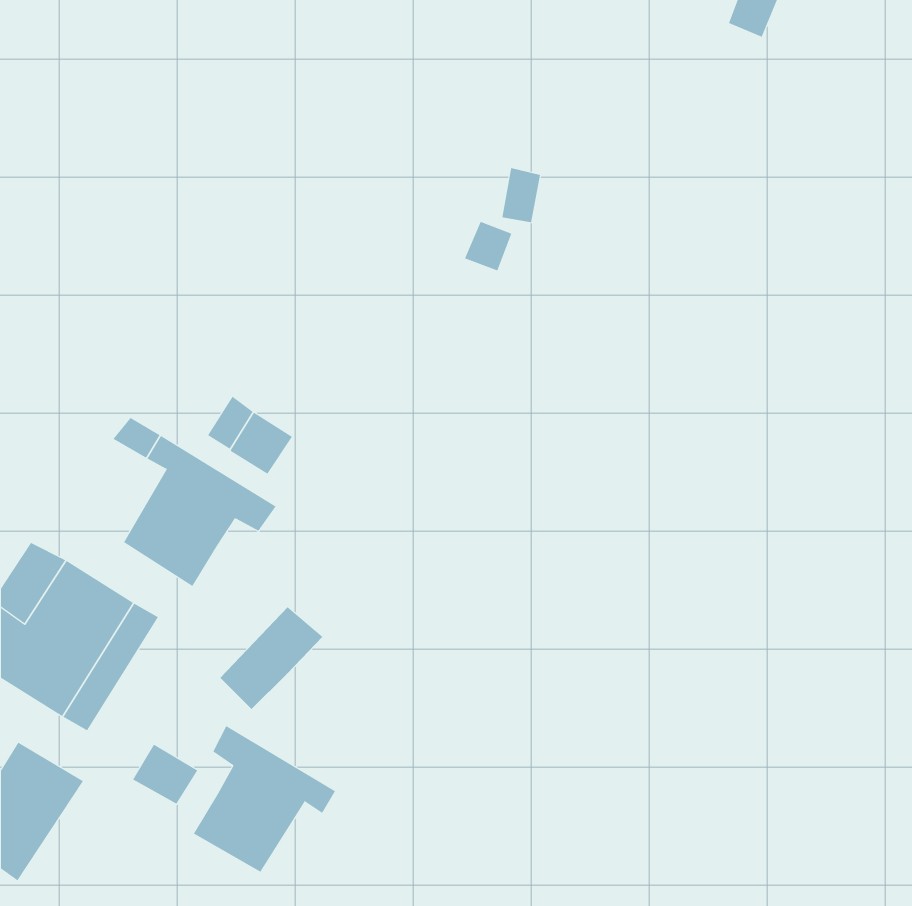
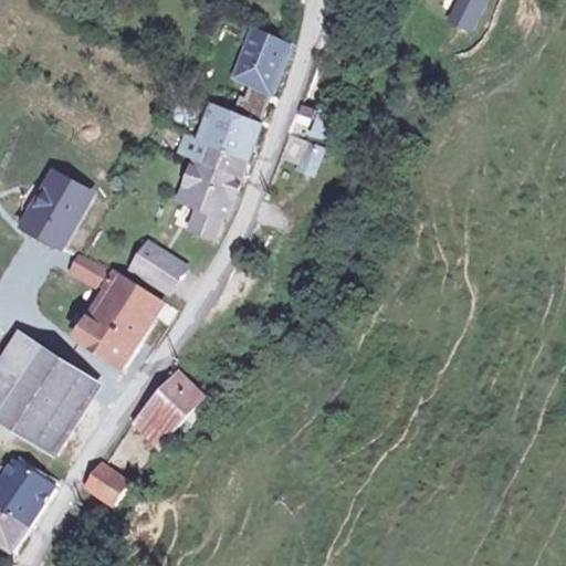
building: none -> [234,33,286,94]
building: none -> [178,106,258,237]
building: none -> [13,159,93,241]
building: [193,725,336,872] -> none

